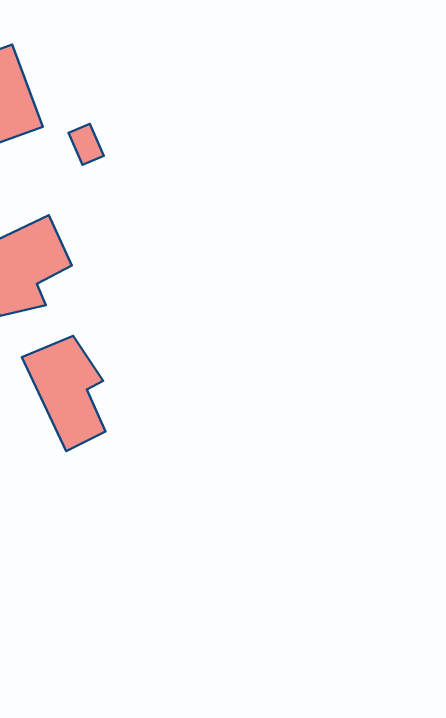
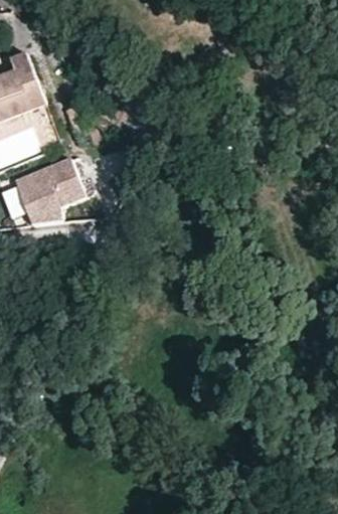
building: [22,336,105,451] -> none

